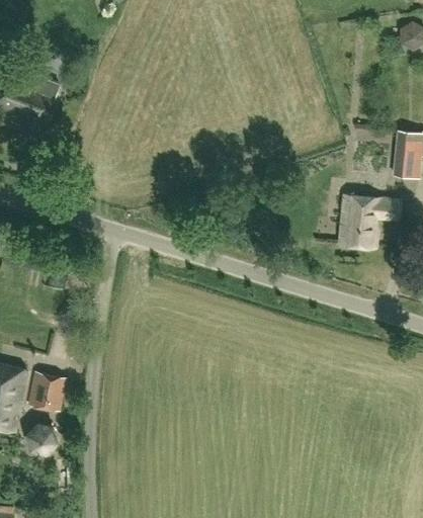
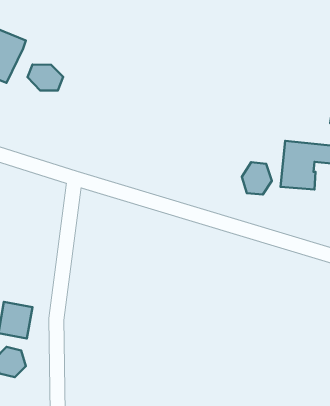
building: none -> [27,65,63,91]
building: none -> [242,162,272,195]

